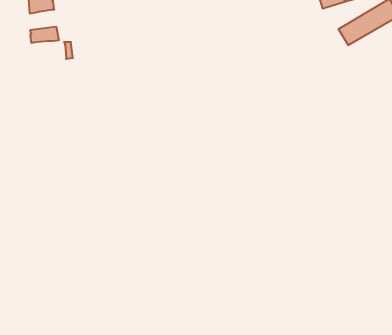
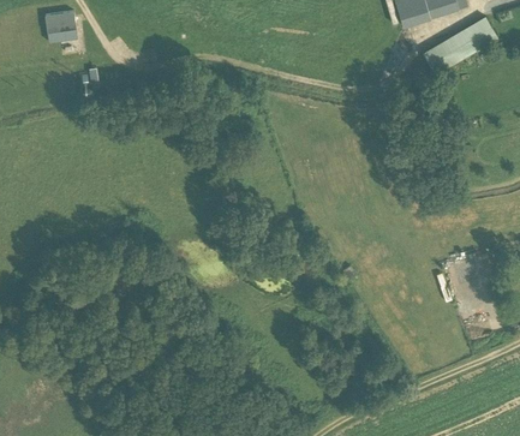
building: [30,27,59,43] -> none

